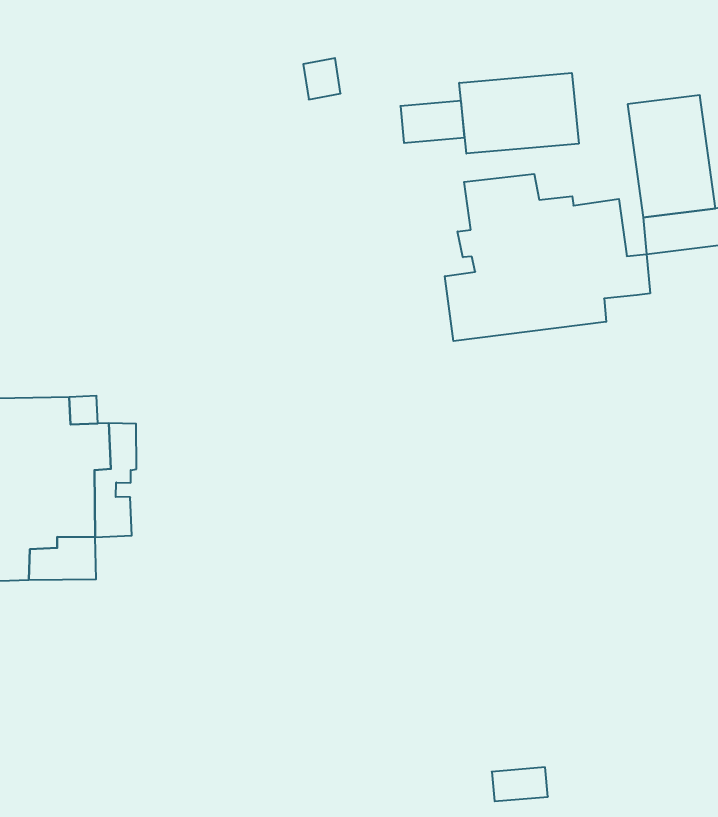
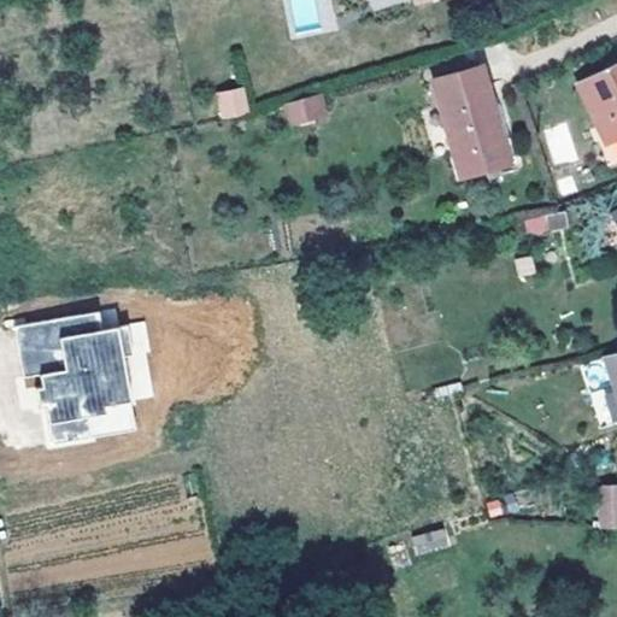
building: [459,73,579,154] -> none
building: [445,174,650,341] -> none

